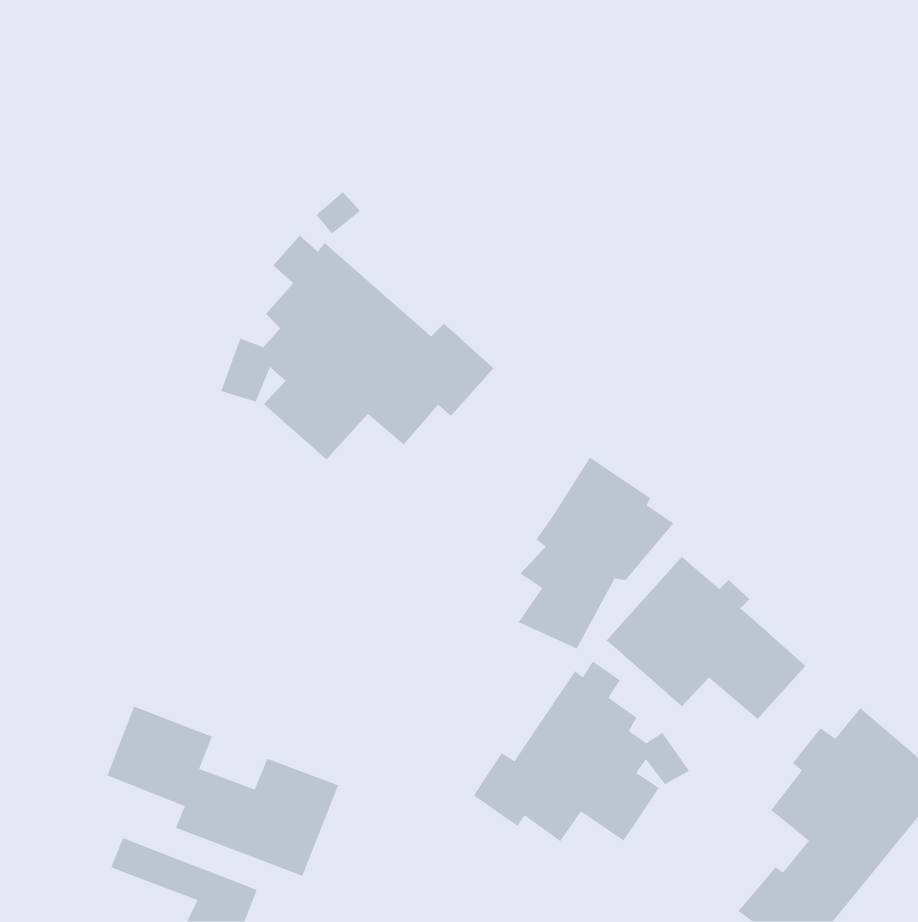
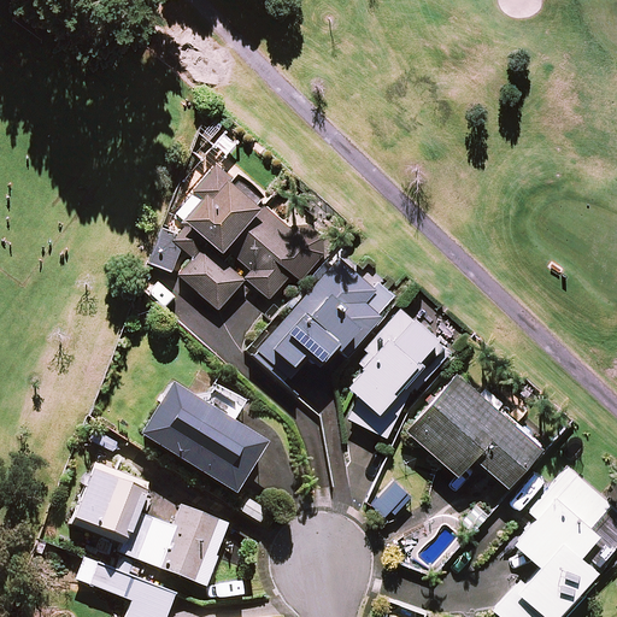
building: none -> [255,259,393,372]
building: none -> [140,386,263,493]
building: [473,661,690,842] -> none

